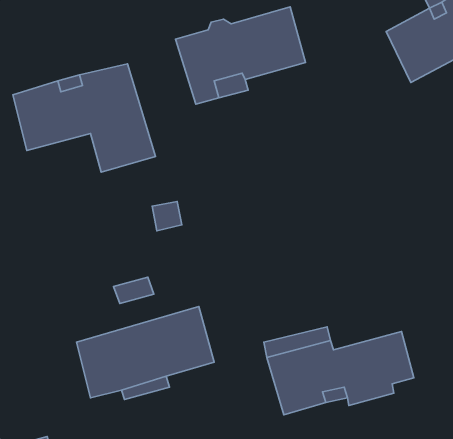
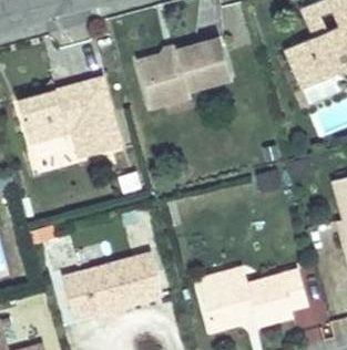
building: none -> [28,141,72,174]

